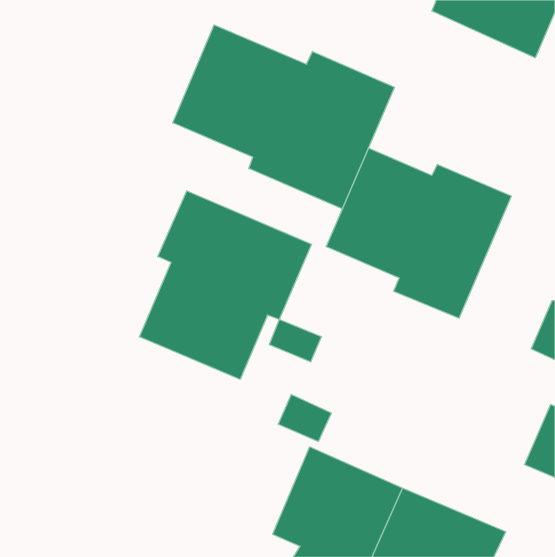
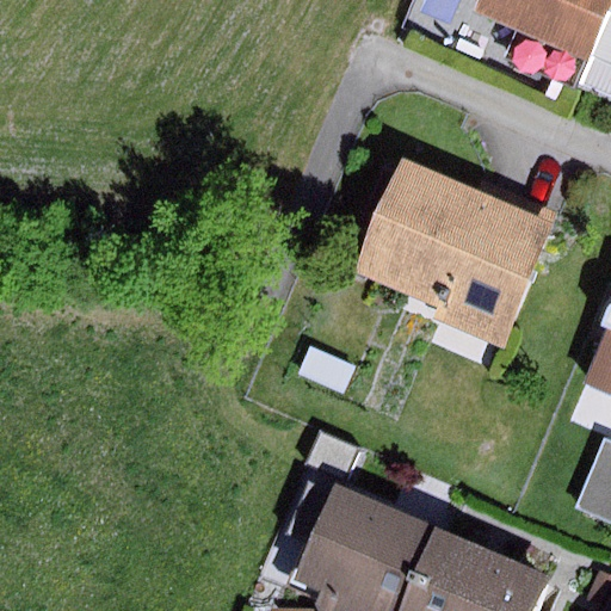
building: [173,25,394,209] -> none
building: [139,191,312,379] -> none

